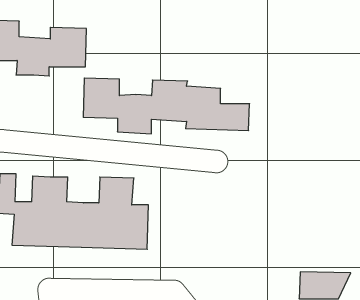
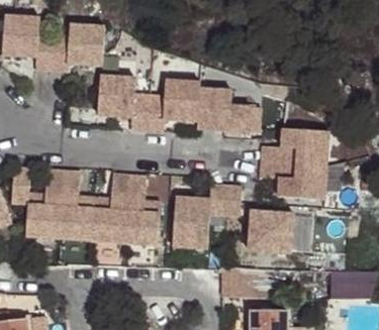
building: none -> [268,124,338,194]
building: none -> [183,182,251,246]
building: none -> [266,208,310,250]

